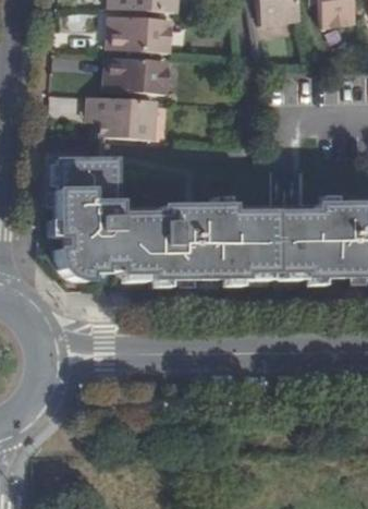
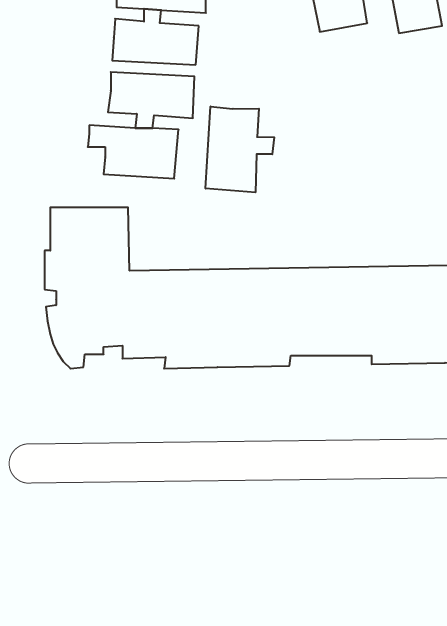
building: none -> [206,106,274,192]

